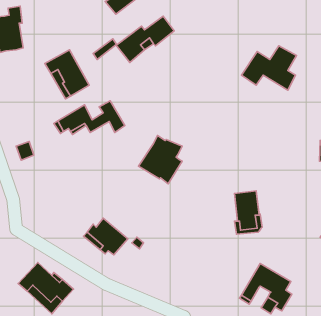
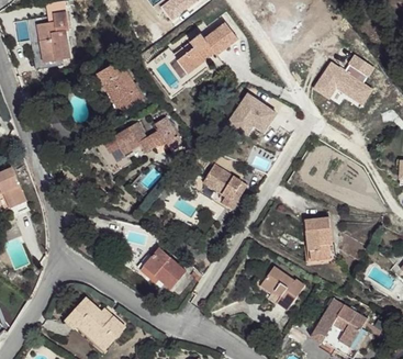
building: none -> [227,93,276,136]
building: none -> [262,266,304,310]

